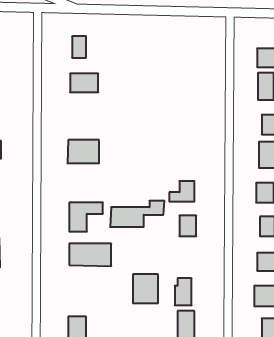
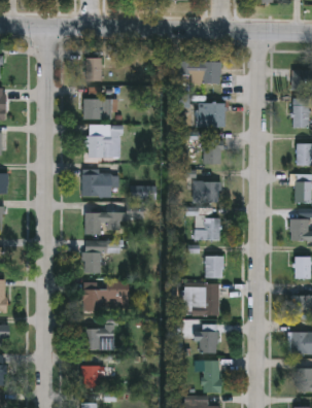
building: none -> [179,62,221,83]
building: none -> [198,104,226,128]
building: none -> [89,126,123,158]
building: none -> [203,140,223,165]
building: none -> [193,182,221,203]
building: [110,201,164,227] -> [84,205,144,234]
building: [133,274,158,303] -> [192,284,219,316]
building: none -> [83,322,115,352]

